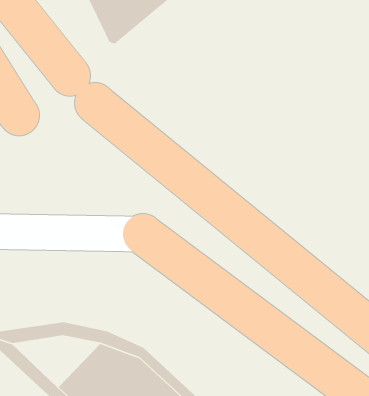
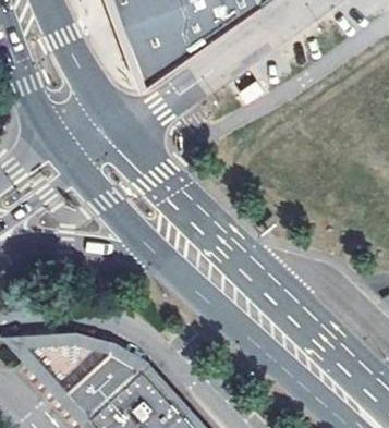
building: none -> [26,344,107,391]

